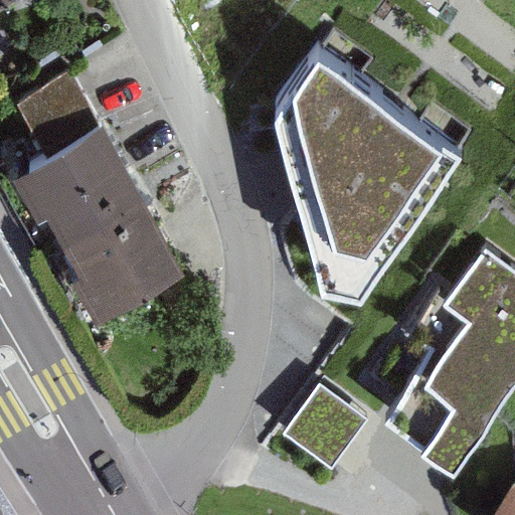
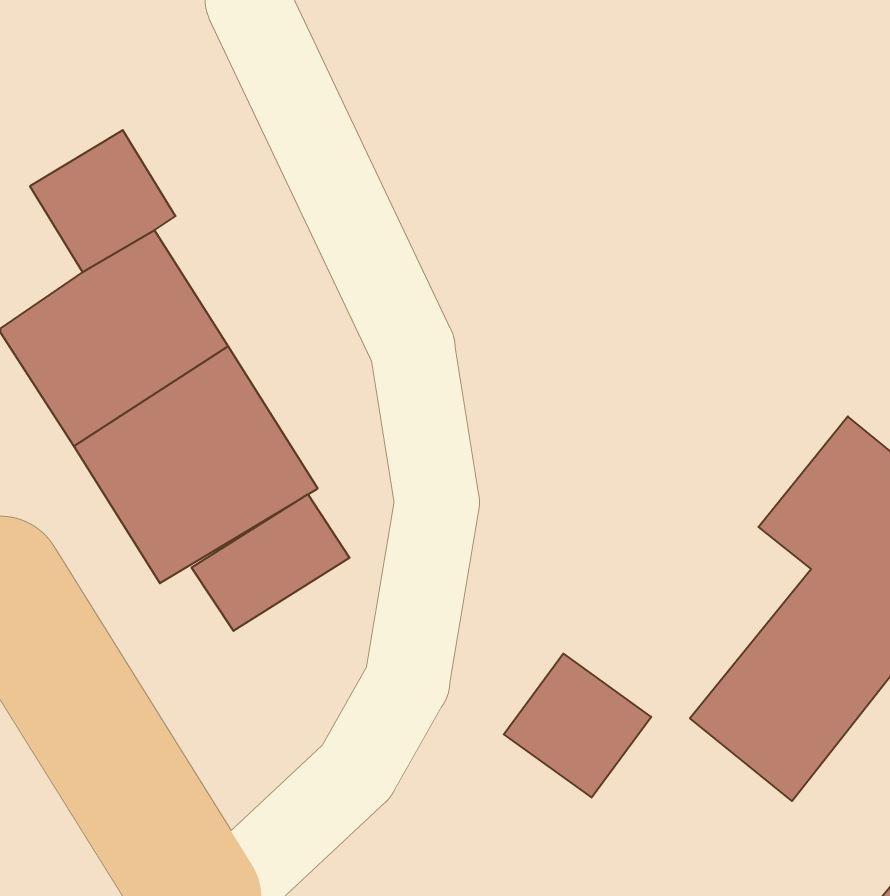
building: [289,38,459,264] -> none
building: none -> [192,494,350,631]

